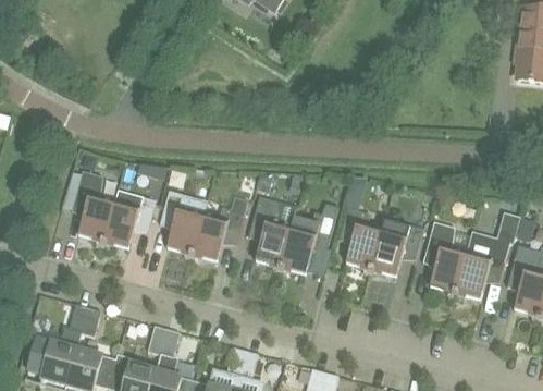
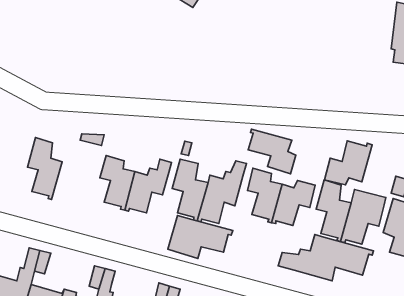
building: none -> [248,129,296,174]
building: none -> [325,141,372,185]
building: [102,190,156,248] -> none
building: none -> [168,215,233,258]
building: none -> [278,234,374,281]

